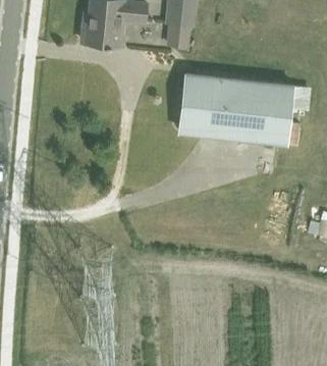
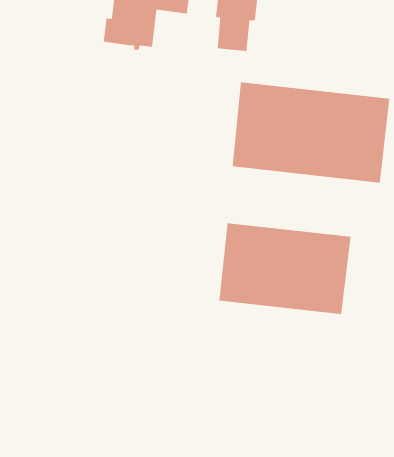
building: none -> [219,223,351,315]

